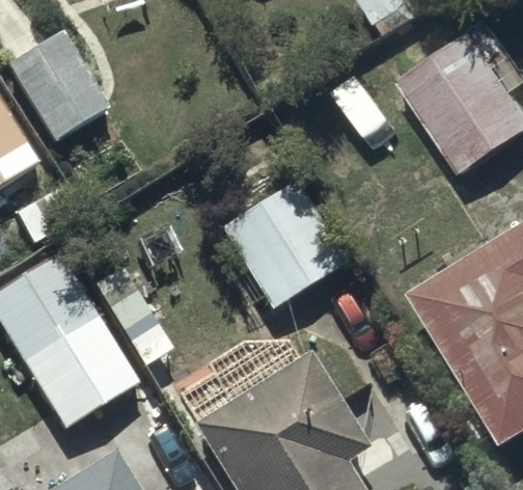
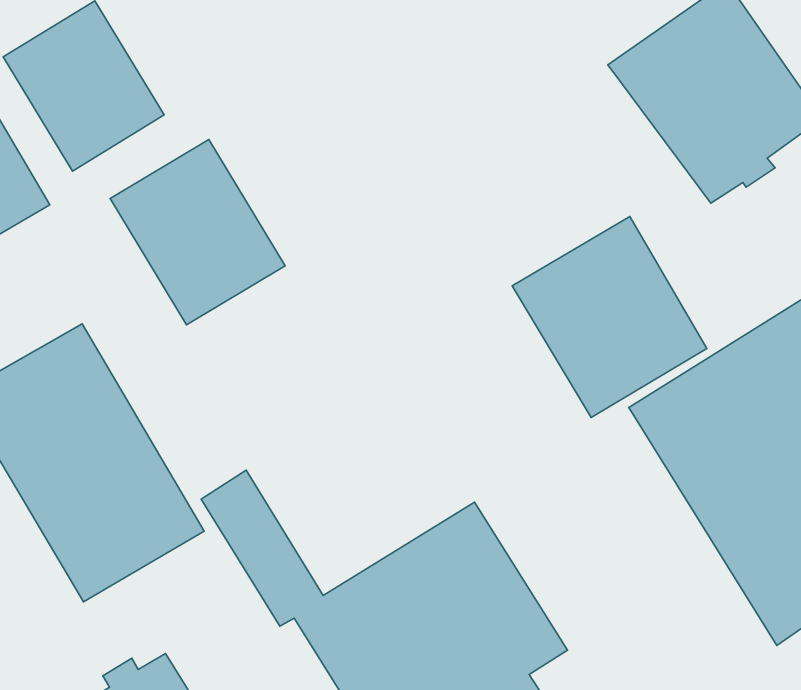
building: none -> [110,140,285,325]
building: [222,182,348,311] -> [512,217,707,418]

